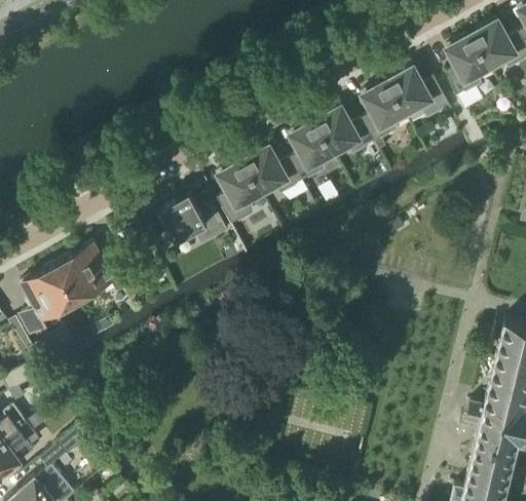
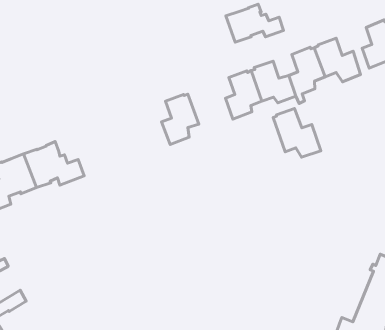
building: none -> [226,4,284,42]
building: [245,146,303,195] -> none
building: none -> [273,108,321,157]
building: [142,192,228,246] -> none

